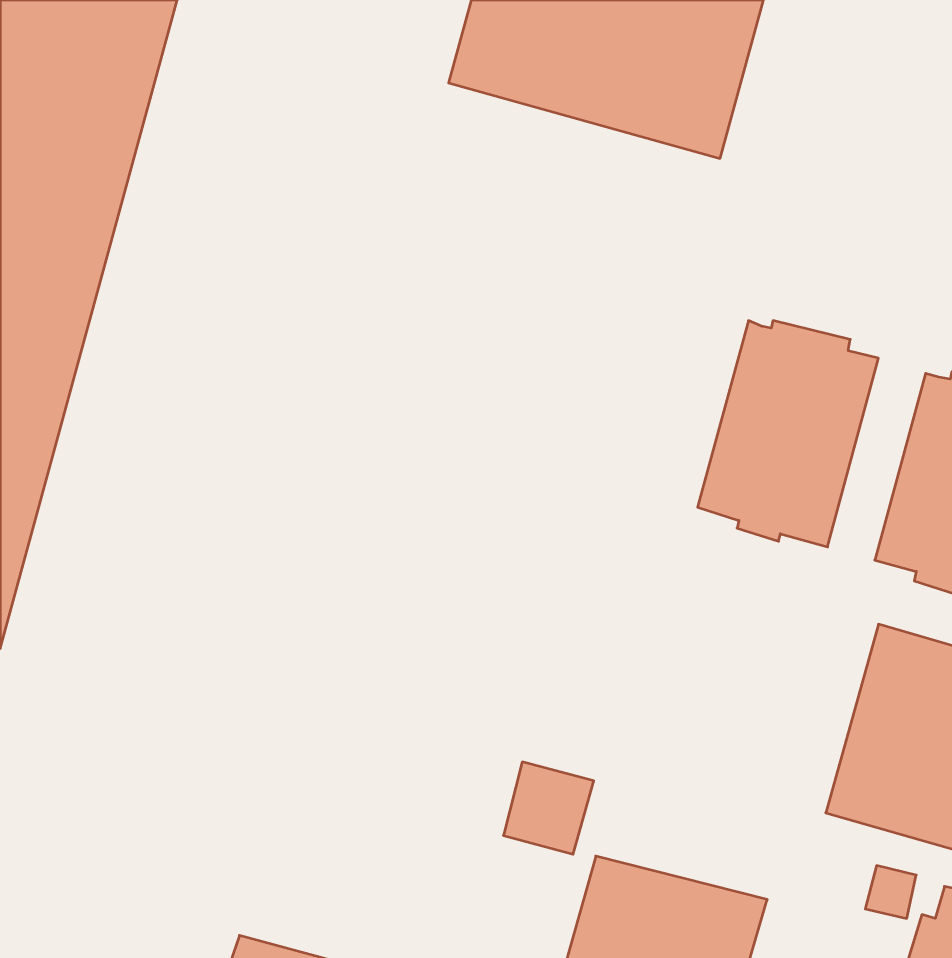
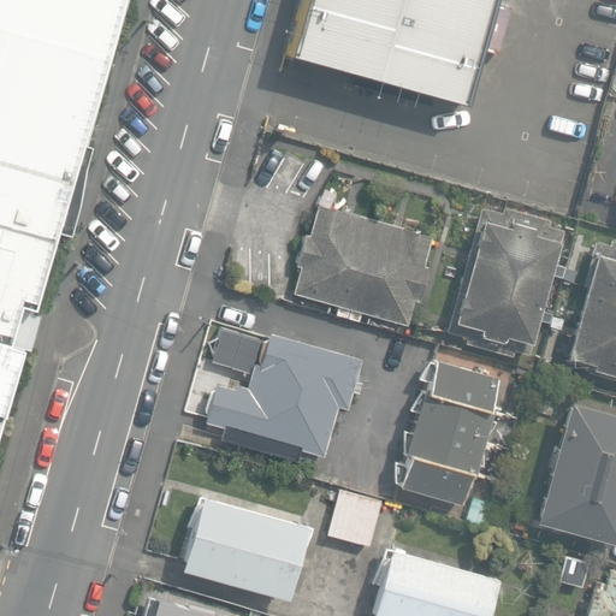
building: none -> [296,205,436,327]
building: none -> [209,337,365,463]
building: none -> [396,360,502,505]
building: none -> [179,497,307,600]

